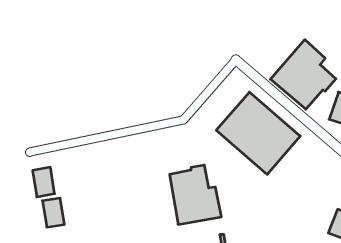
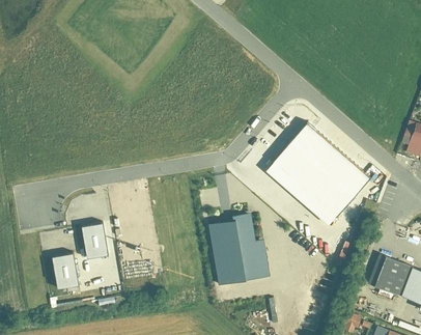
building: [270,40,336,109] -> none
building: [33,167,55,197] -> [83,222,110,258]
building: none -> [376,256,415,296]

